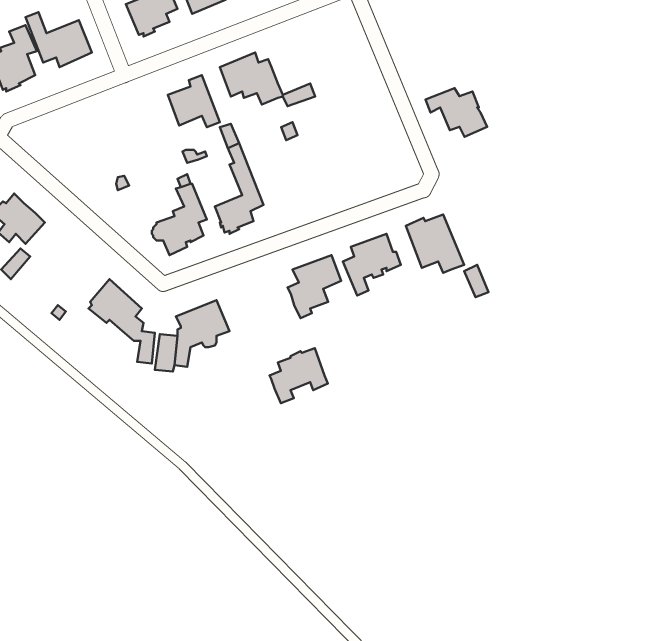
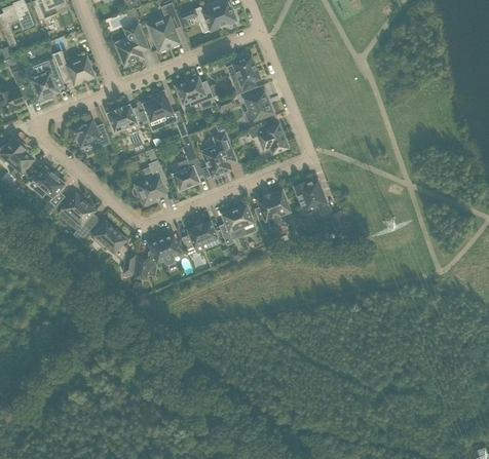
building: none -> [229,55,259,93]
building: none -> [242,89,273,119]
building: [426,88,487,137] -> [248,122,287,153]
building: none -> [106,104,144,131]
building: none -> [68,118,109,146]
building: none -> [201,131,235,179]
building: none -> [57,193,93,239]
building: [270,348,328,403] -> [181,220,218,255]

